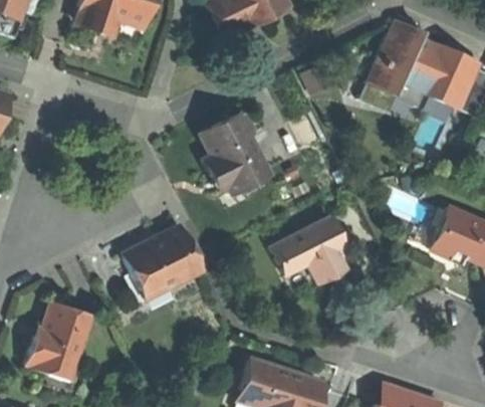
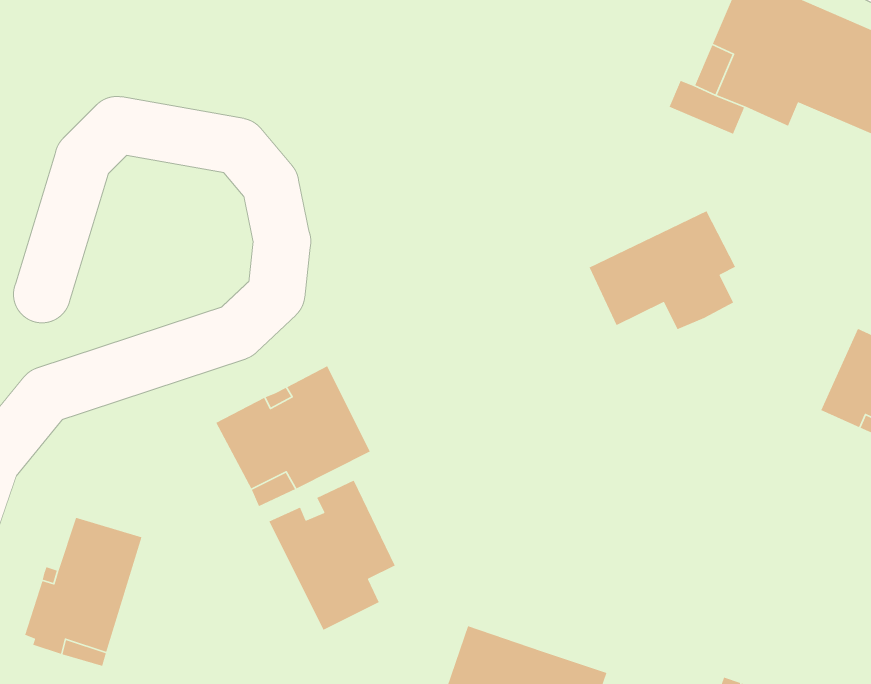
building: [202,112,269,192] -> none
building: [273,216,348,277] -> [589,210,736,330]
building: none -> [268,480,396,631]

